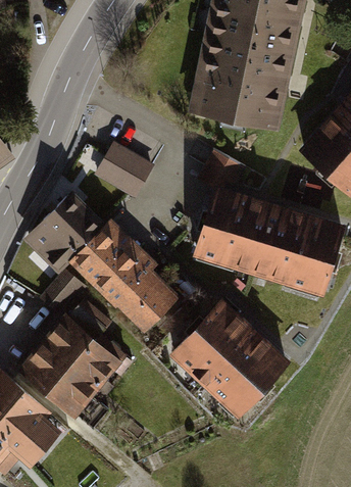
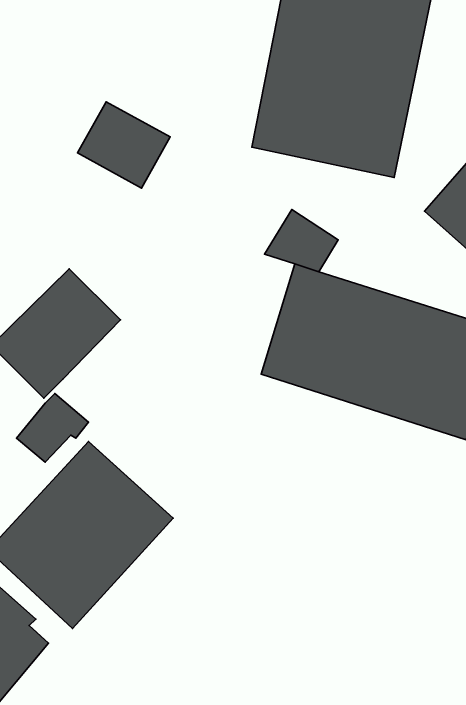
building: [94,145,153,200] -> [77,102,170,188]
building: [68,215,180,331] -> none
building: [169,299,292,421] -> none

